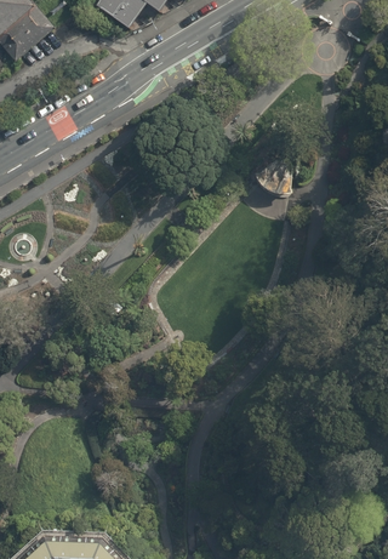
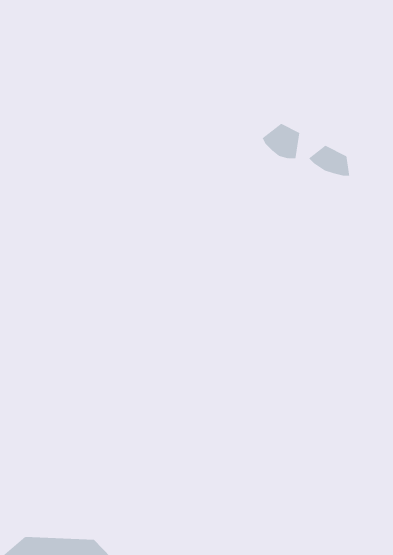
building: none -> [308,145,350,176]

